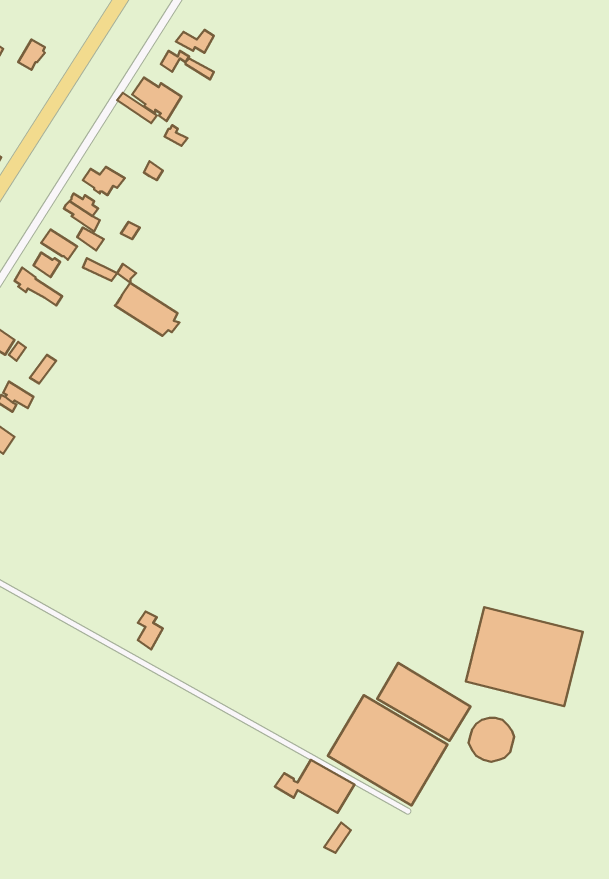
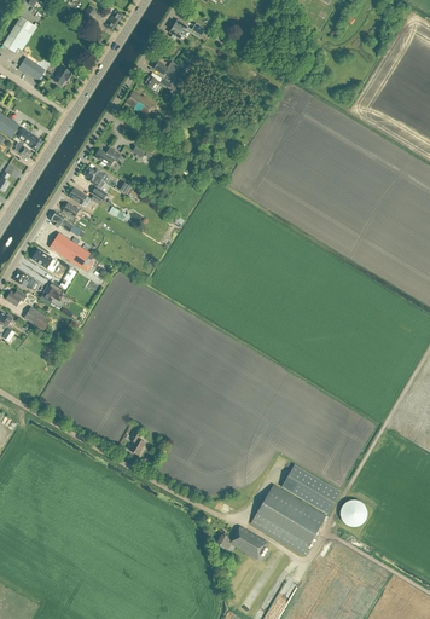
building: [115,283,179,336] -> [50,232,91,266]
building: [466,607,583,706] -> none

